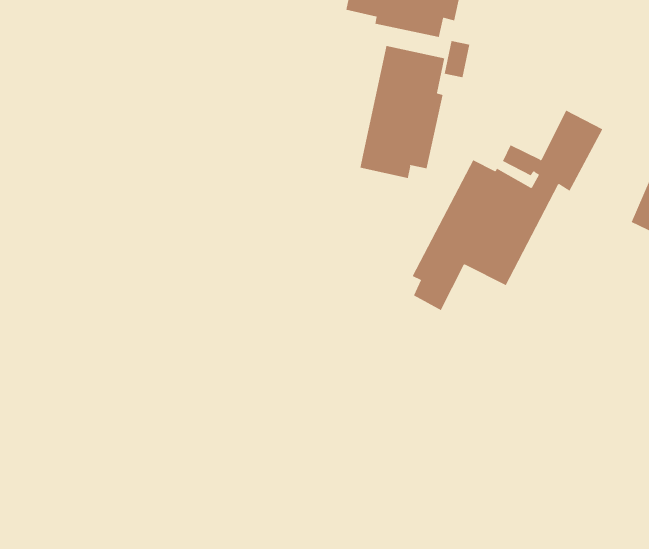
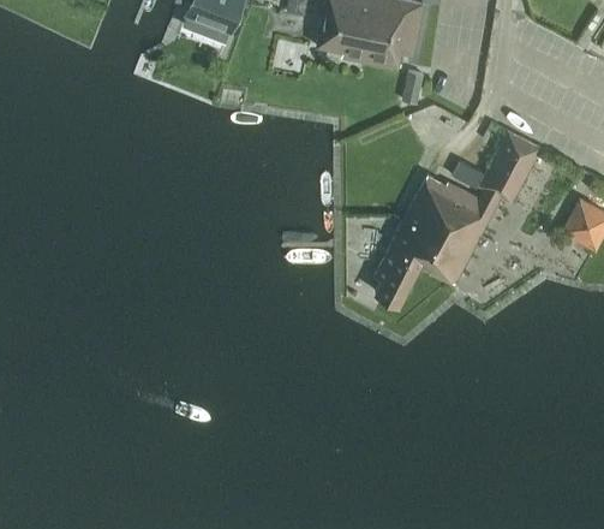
building: [360,45,445,179] -> none

